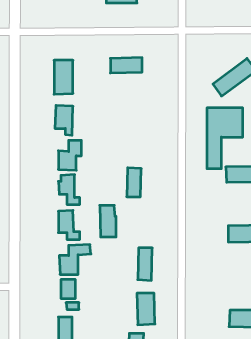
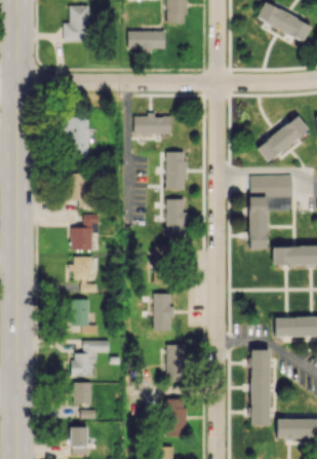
building: none -> [166,152,186,189]
building: none -> [166,199,184,237]
building: [100,205,116,237] -> [153,293,172,331]
building: none -> [250,349,270,425]

